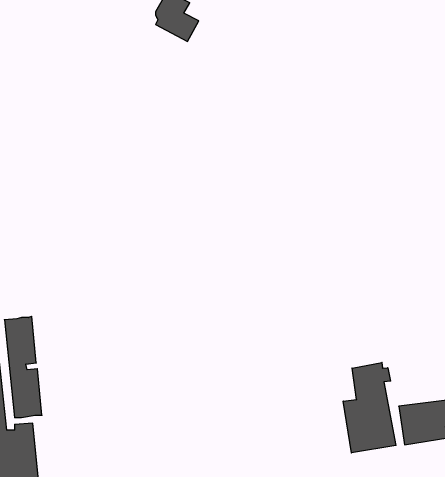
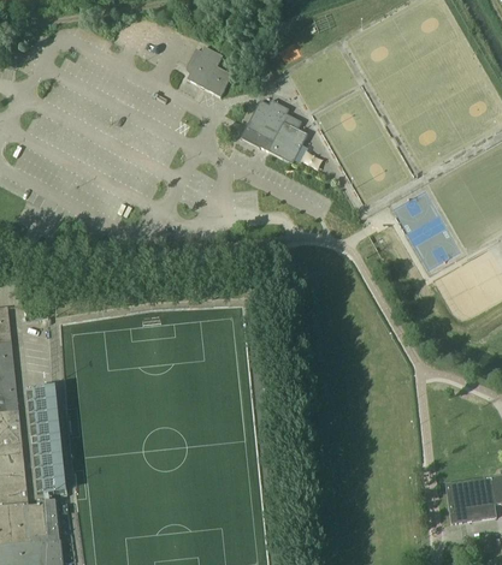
building: none -> [240,100,307,165]
building: [343,362,396,453] -> none

